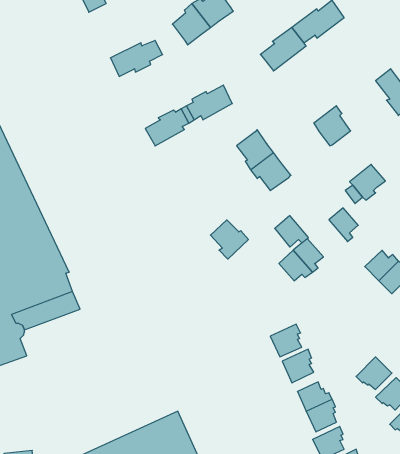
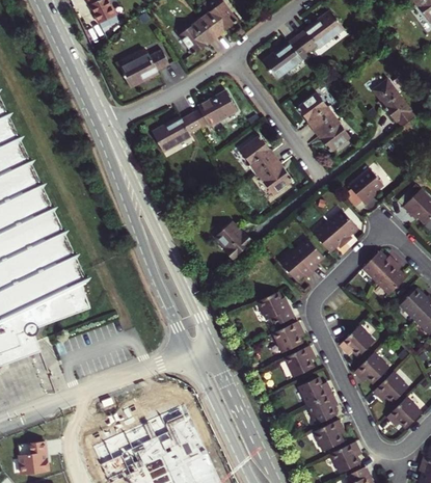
building: none -> [297,93,335,130]
building: [275,216,308,247] -> [314,222,346,252]
building: none -> [258,292,293,327]
building: none -> [339,326,374,357]

